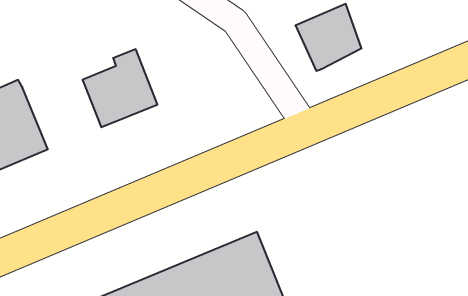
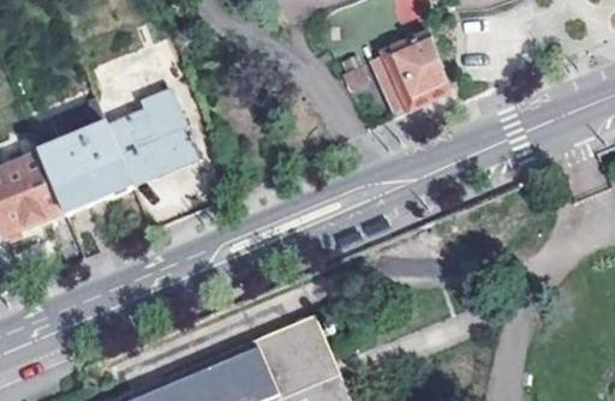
building: none -> [34,112,130,216]

